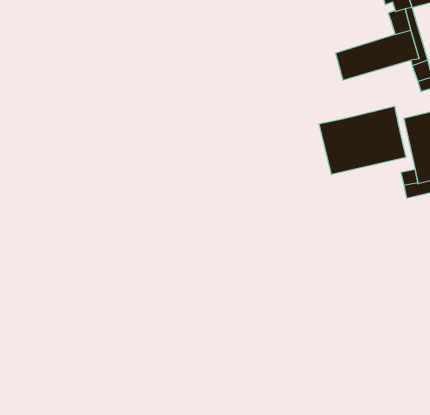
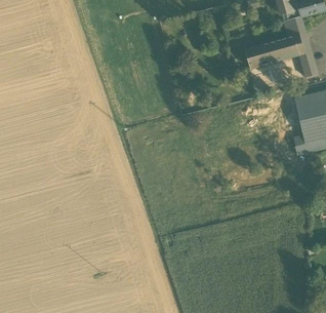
building: [319,106,406,175] -> none

